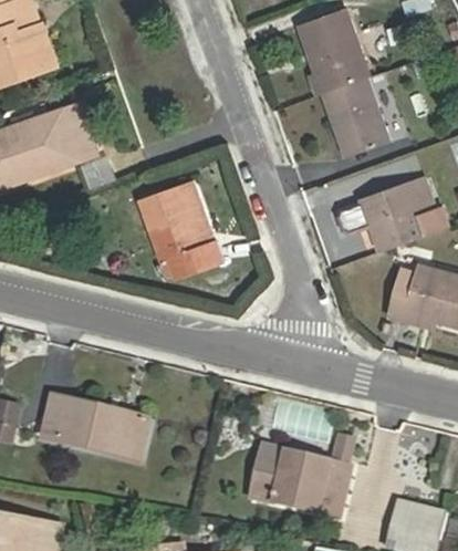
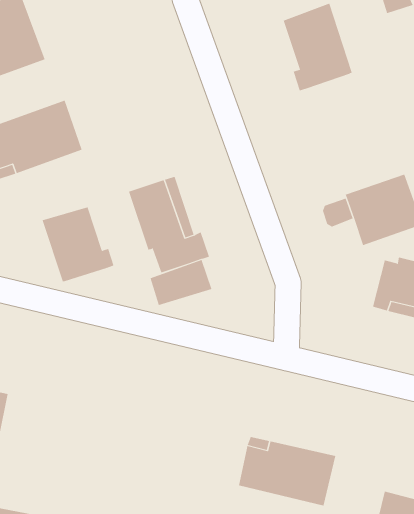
building: [322,77,388,157] -> none
building: none -> [42,206,114,282]
building: none -> [150,259,212,306]
building: [43,395,149,461] -> none

